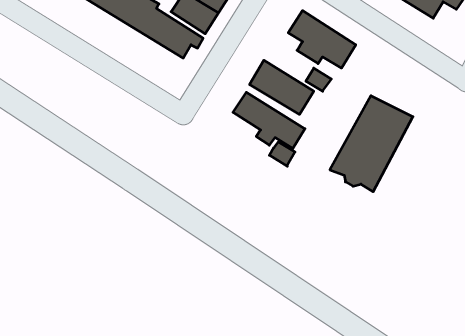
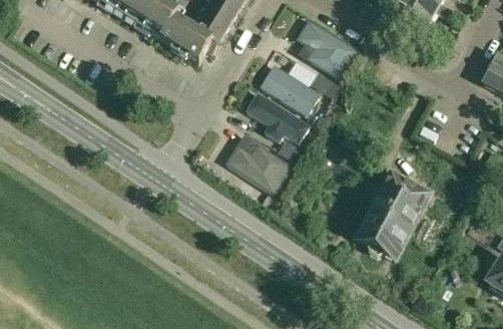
building: [330,96,413,192] -> [356,172,431,259]
building: none -> [223,142,289,192]

